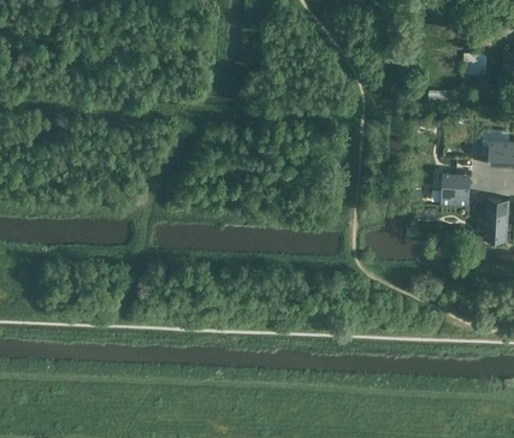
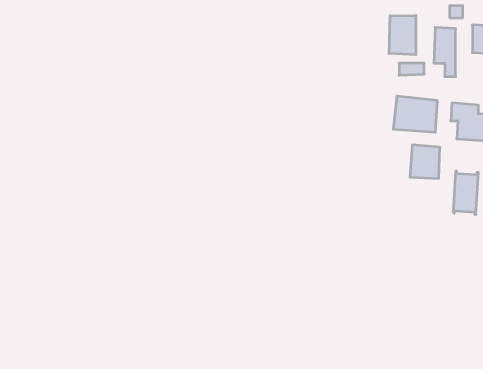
building: none -> [389,15,416,55]
building: none -> [393,96,437,132]

